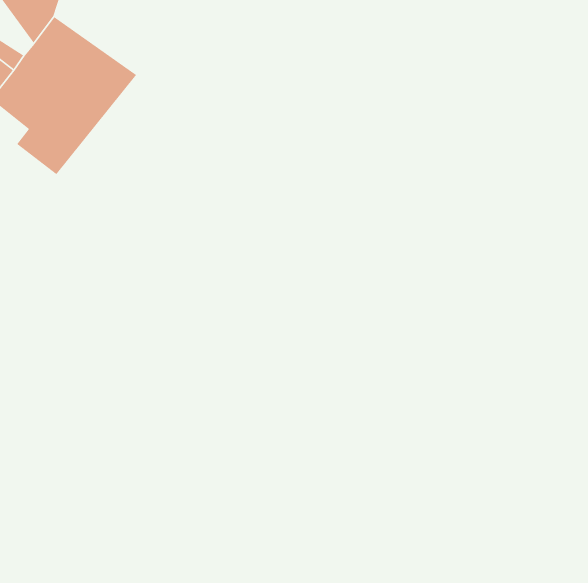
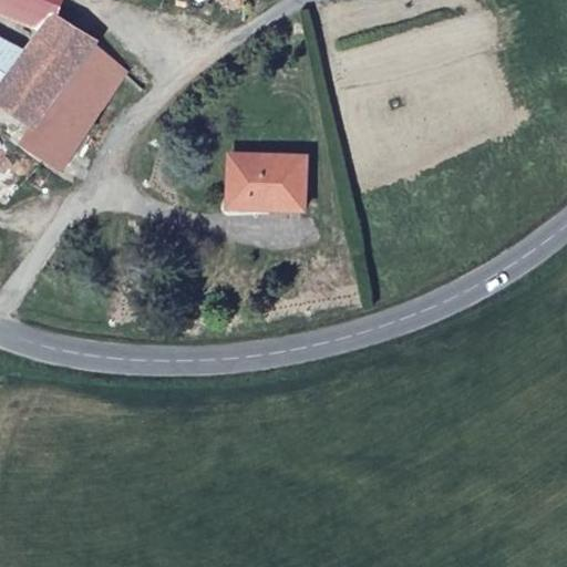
building: none -> [224,148,307,215]

